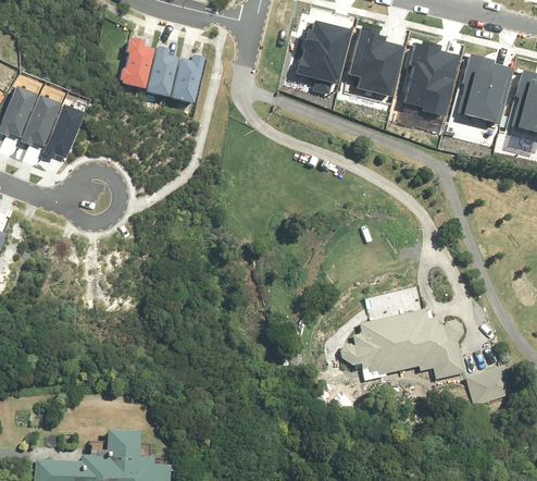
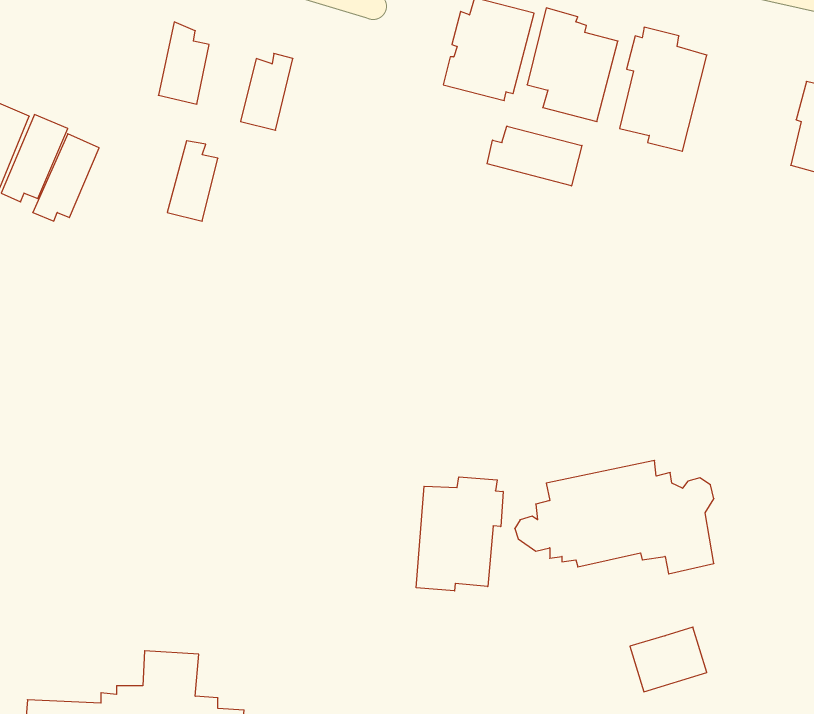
building: [143,45,175,95] -> [167,141,218,221]
building: [457,53,513,124] -> none
building: none -> [487,126,582,186]
building: none -> [416,477,503,591]
building: [465,365,513,405] -> [630,627,707,692]

